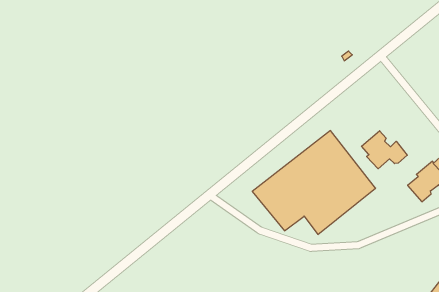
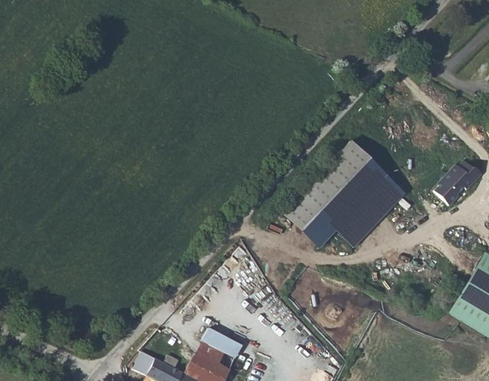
building: [362,131,407,169] -> none

